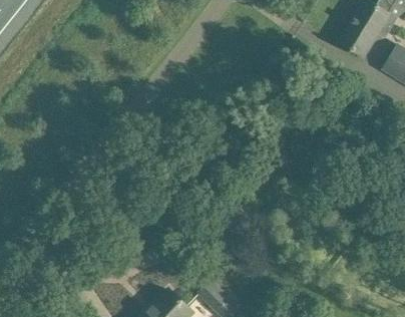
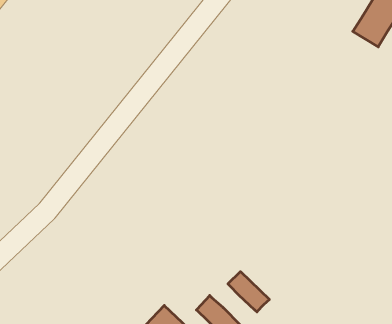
building: none -> [228,272,269,312]

